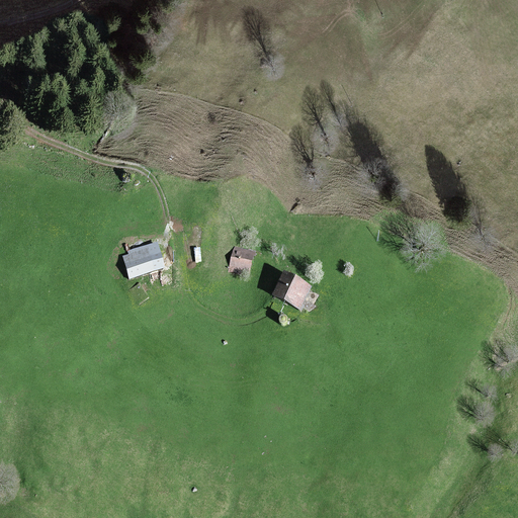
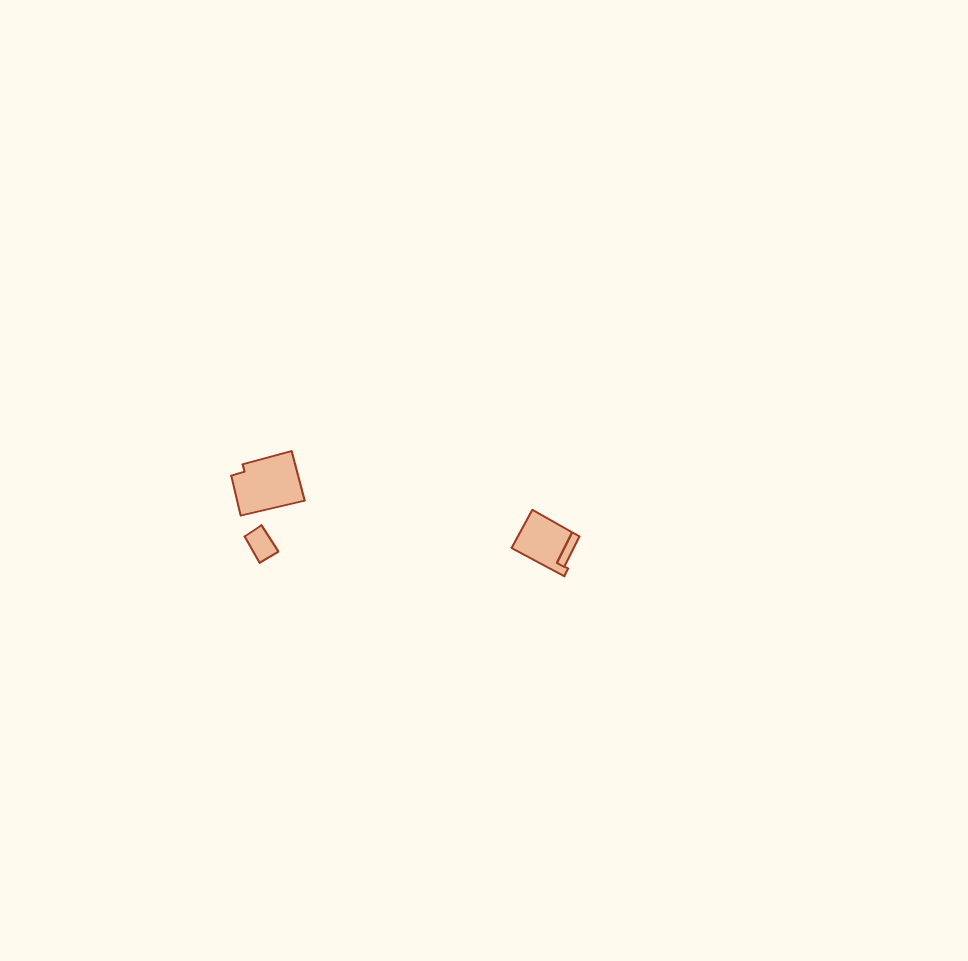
building: [229,248,253,272] -> none

